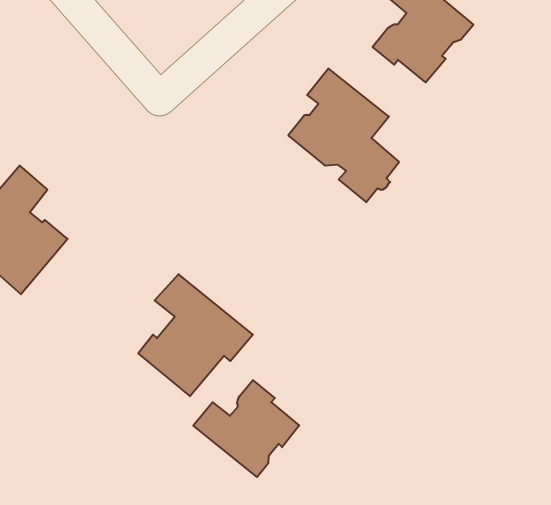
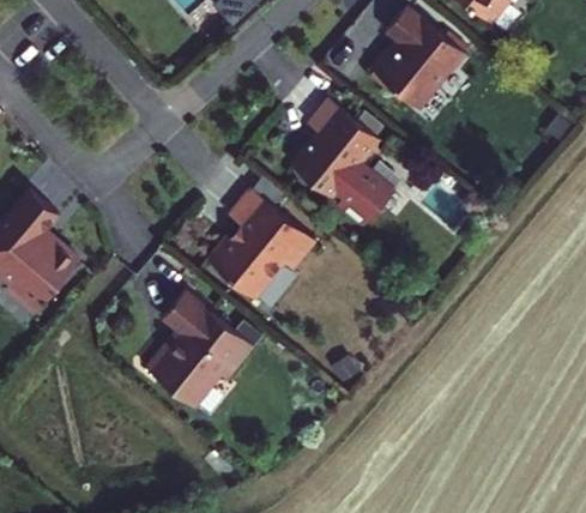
building: none -> [207,186,316,296]
building: [193,380,299,477] -> none

